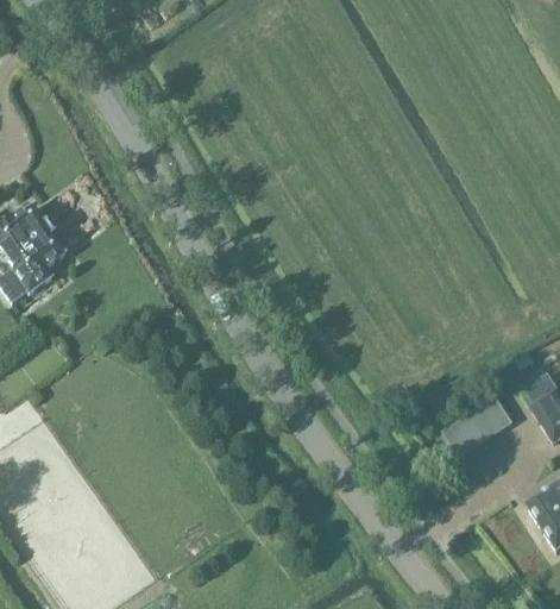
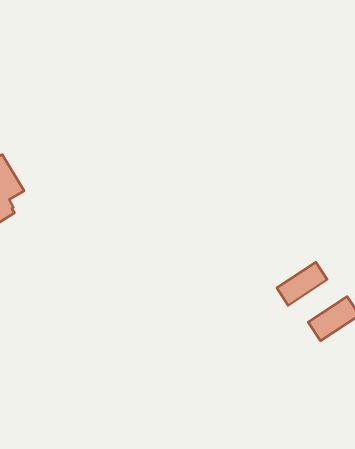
building: none -> [277,262,327,305]

